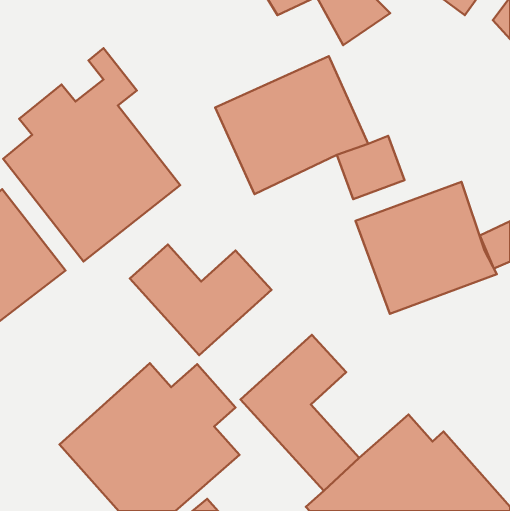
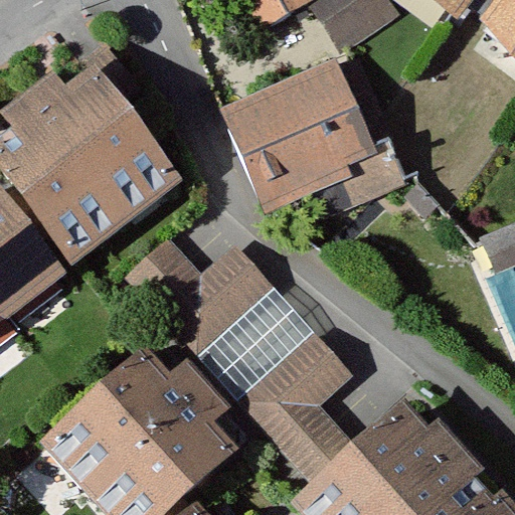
building: [356,182,497,314] -> none
building: none -> [199,290,312,399]

